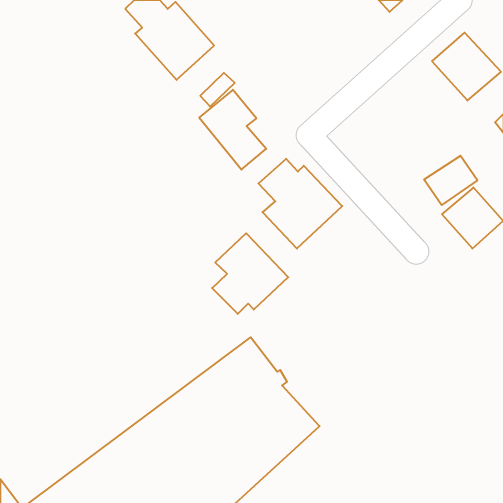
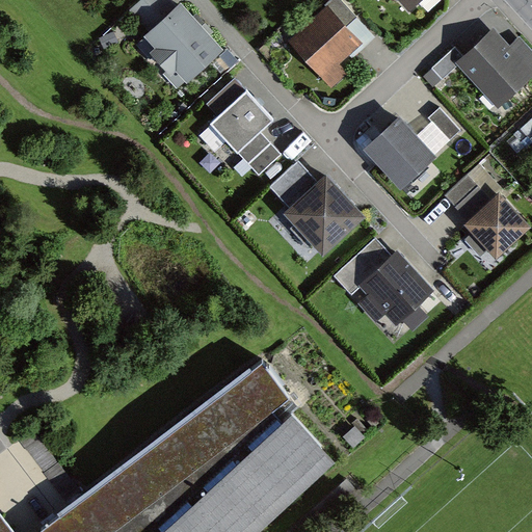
building: none -> [289,11,360,92]
building: none -> [358,117,432,191]
building: none -> [334,236,437,330]
building: [212,233,288,314] -> none

